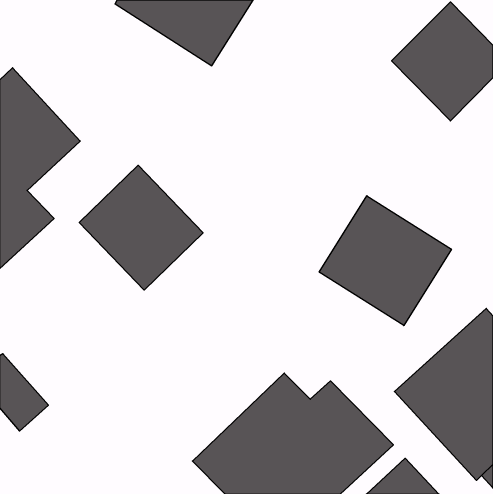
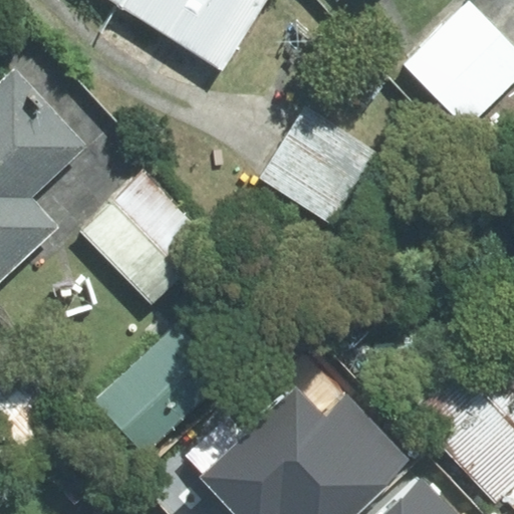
building: none -> [260,107,376,223]
building: [319,196,451,326] -> none
building: none -> [96,317,229,450]

